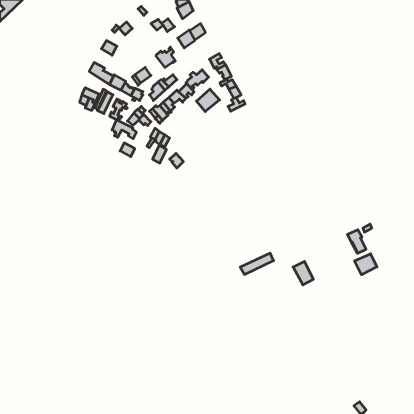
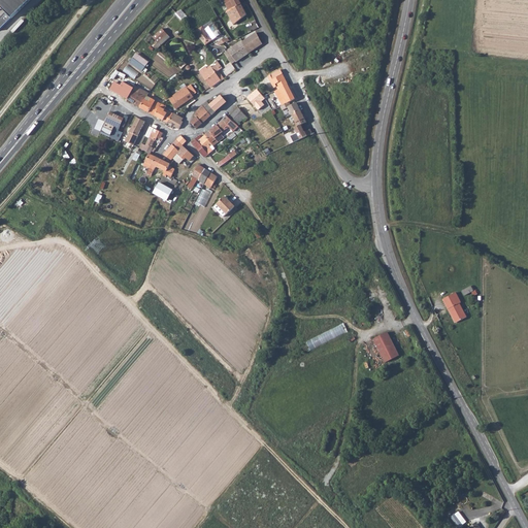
building: [196,89,220,112] -> none
building: [355,254,377,275] -> none

